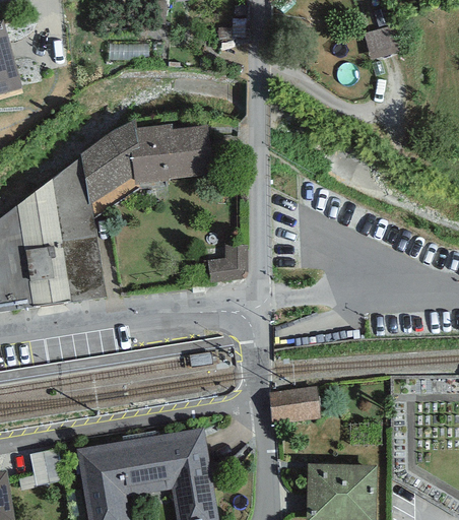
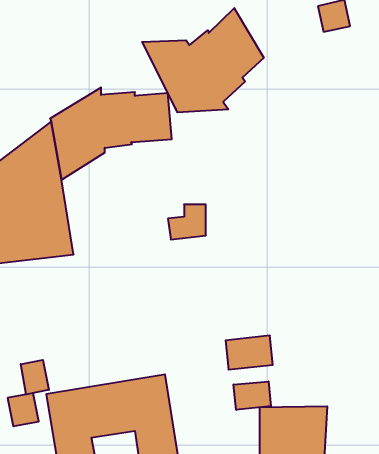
building: none -> [142,8,264,112]
building: none -> [21,360,49,395]
building: none -> [234,381,271,410]

